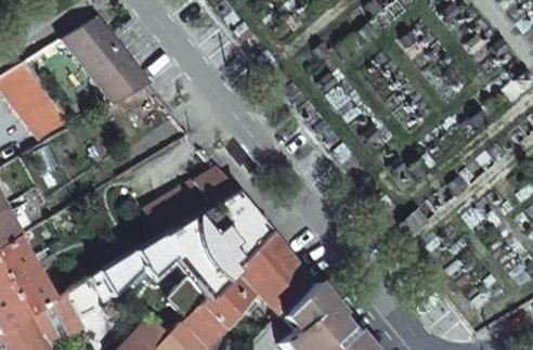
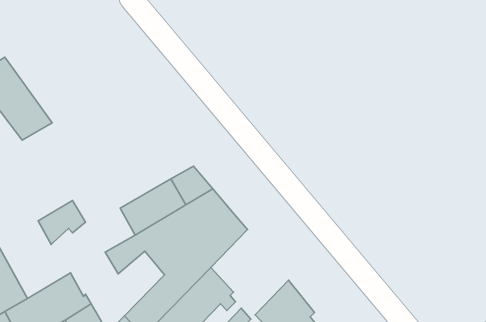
building: [66,18,151,103] -> none
building: [237,232,315,317] -> none
building: [96,255,144,299] -> [38,200,86,245]

